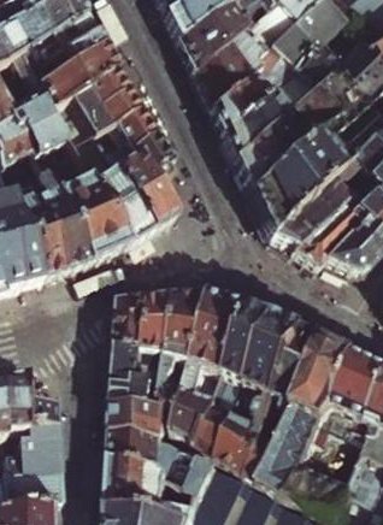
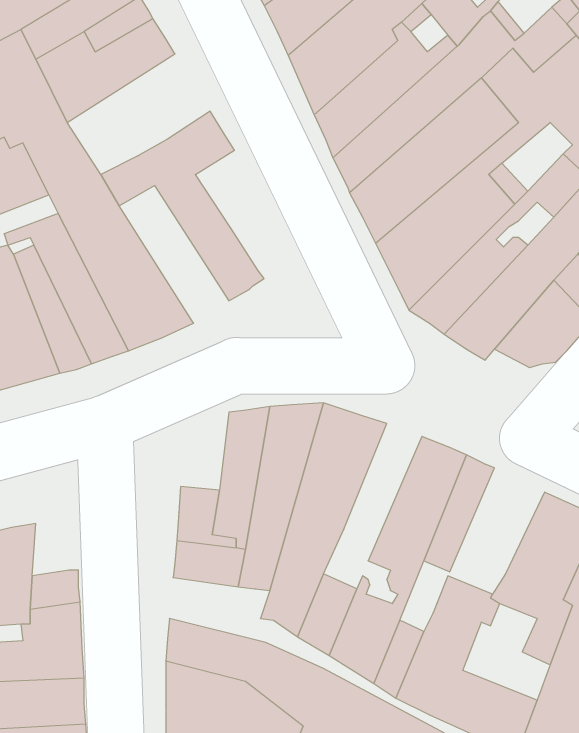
building: [48,69,141,147] -> none
building: [131,131,172,182] -> none
building: [82,154,153,243] -> none
building: [122,301,153,352] -> none
building: [228,308,278,401] -> none
building: [295,337,358,419] -> none
building: [114,408,179,450] -> none

